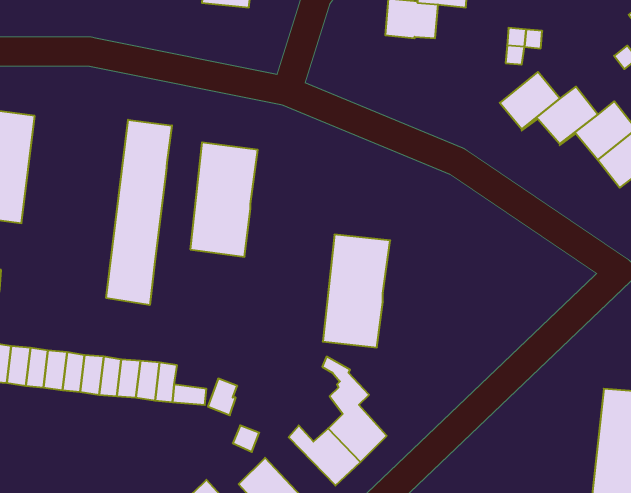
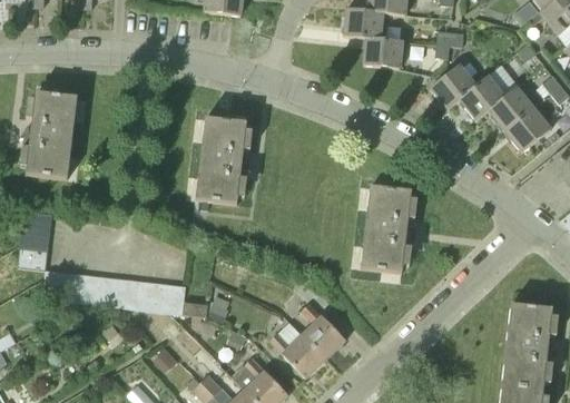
building: none -> [363,37,403,68]
building: [106,120,172,305] -> none
building: [323,235,390,347] -> [361,186,412,272]

